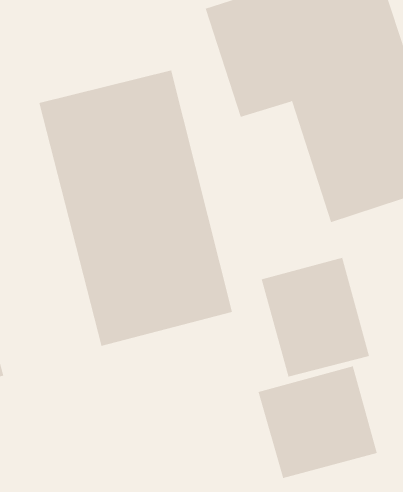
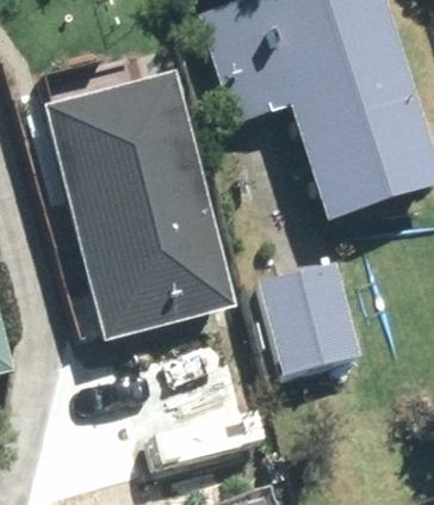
building: [258,365,377,479] -> none

